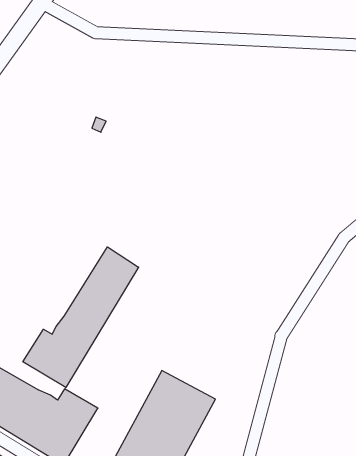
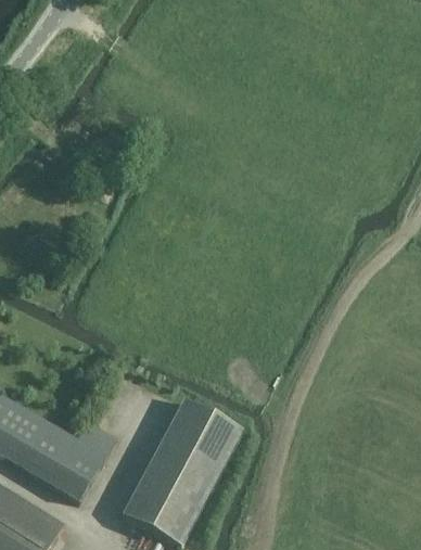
building: [23,247,139,388] -> none

